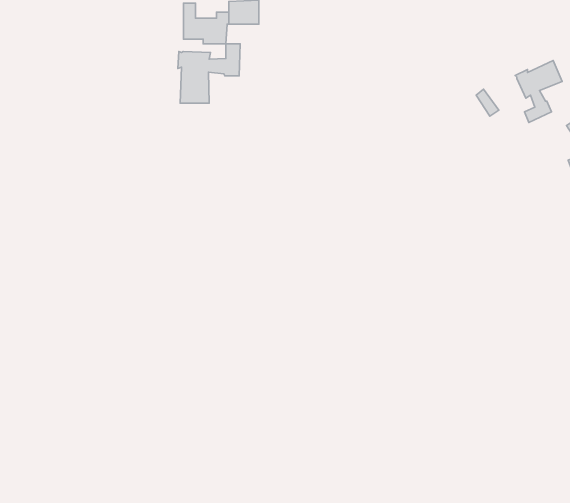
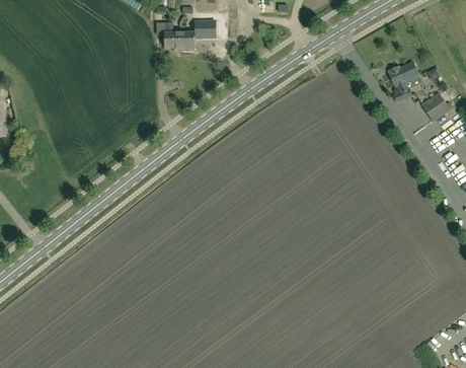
building: [178,44,240,103] -> none

